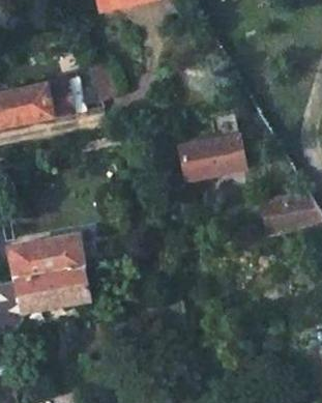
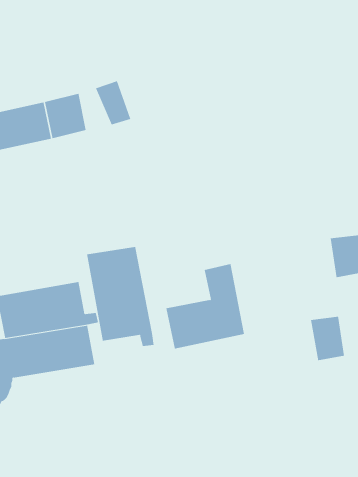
building: [181,110,247,181] -> [165,264,245,349]
building: [263,201,292,238] -> [310,316,345,361]
building: none -> [87,246,154,347]

